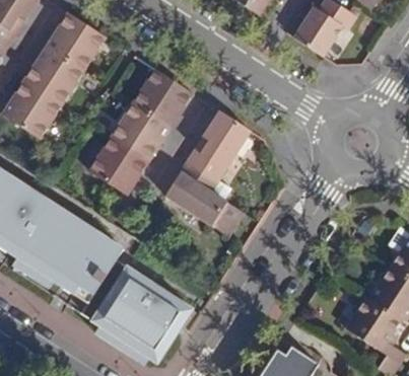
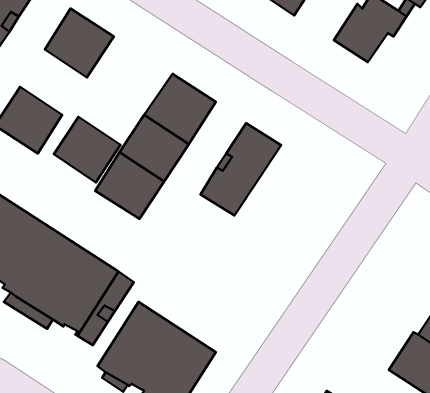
building: [23,48,81,104] -> [54,117,121,182]
building: [165,173,225,225] -> none

